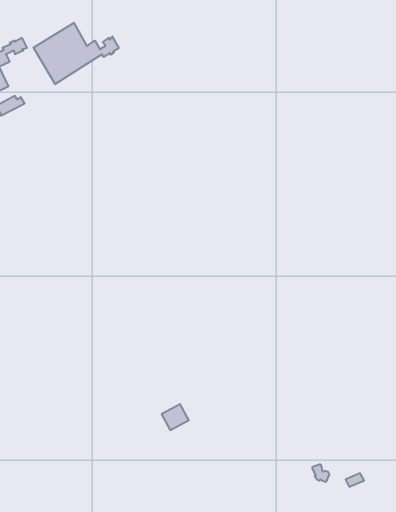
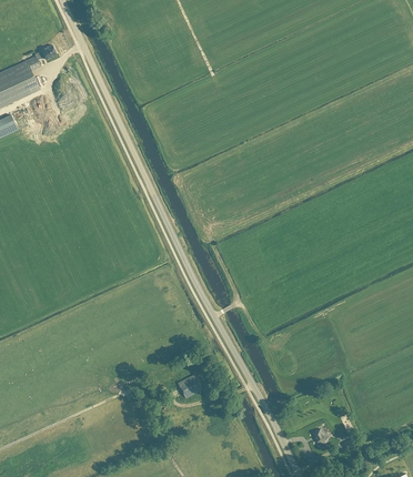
building: [34,23,119,84] -> none

